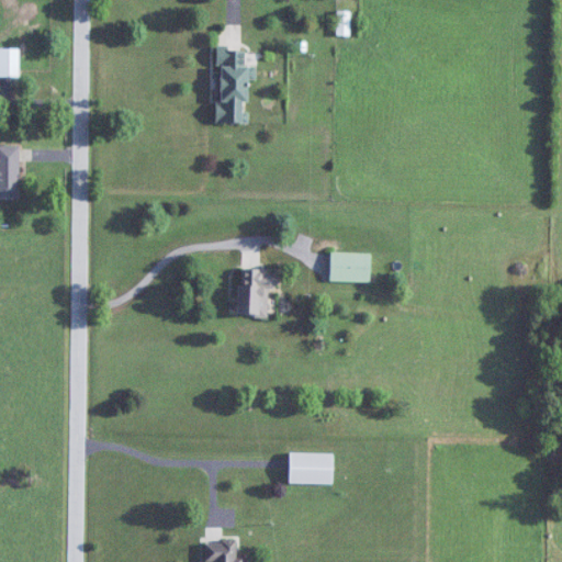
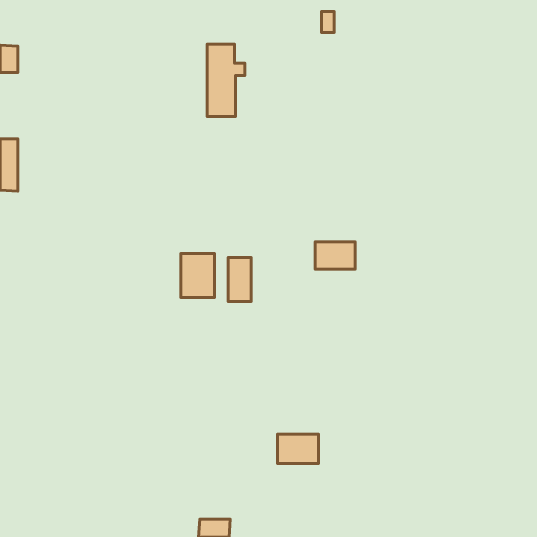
building: none -> [181,254,215,298]

